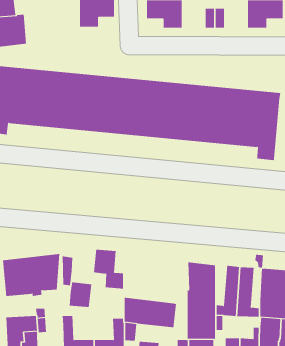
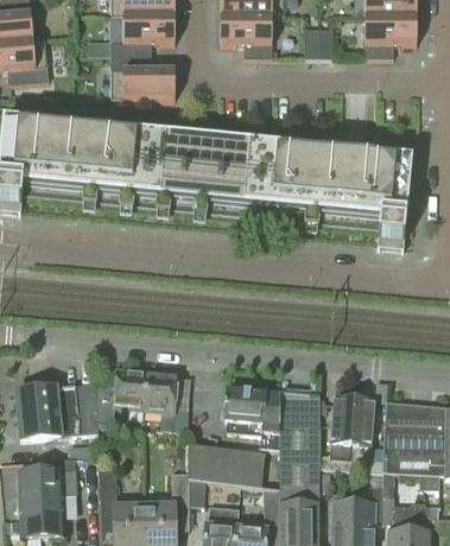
building: none -> [112,53,175,96]
building: none -> [224,386,280,431]
building: [69,282,92,307] -> [114,369,147,406]

